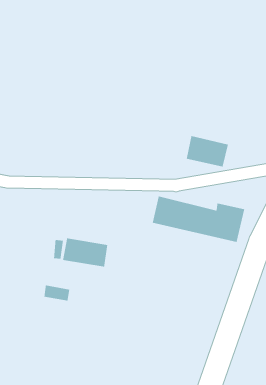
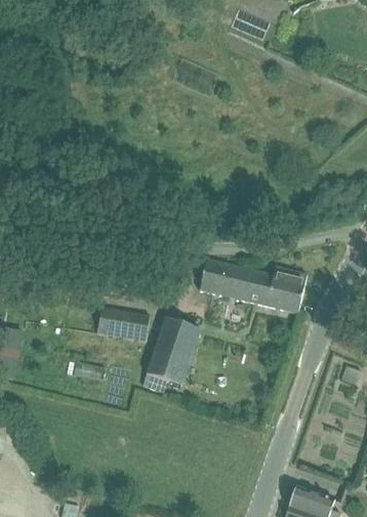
building: [186,135,229,167] -> none
building: none -> [142,318,201,391]

